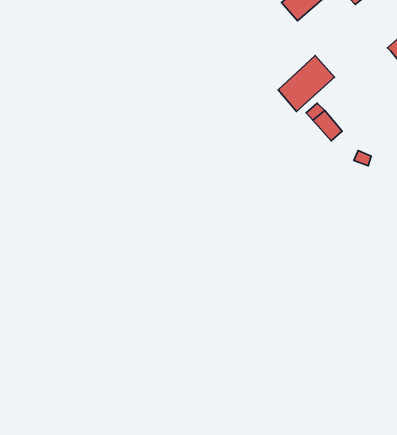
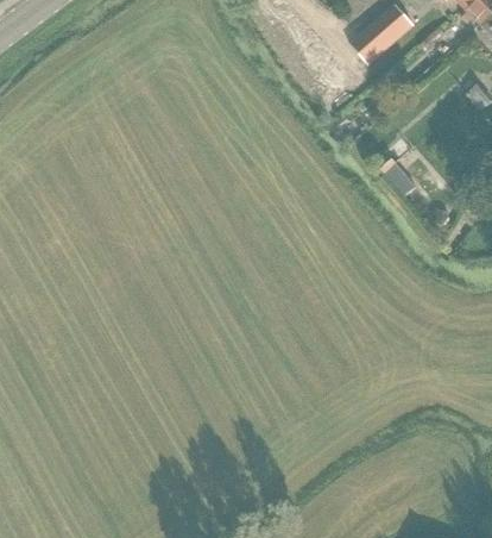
building: [278,55,335,111] -> none

